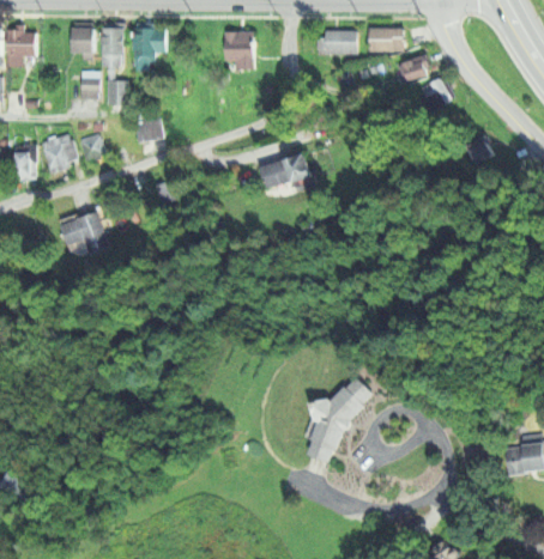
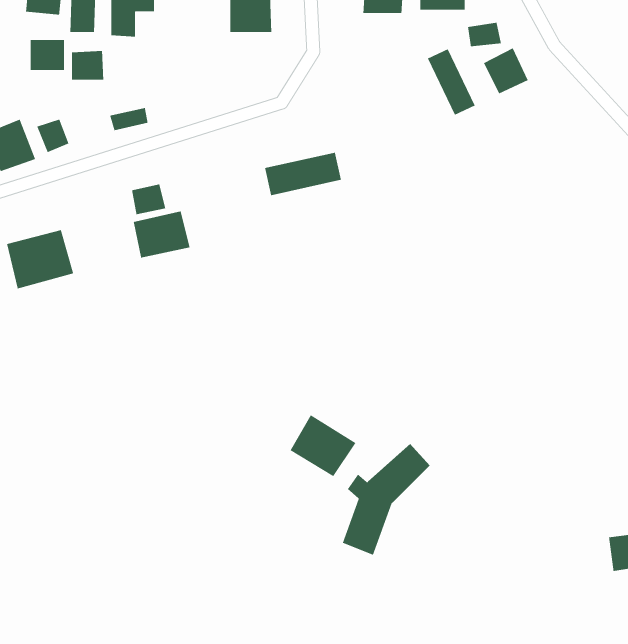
building: none -> [427,48,476,116]
building: none -> [133,210,190,258]
building: none -> [289,414,356,477]

